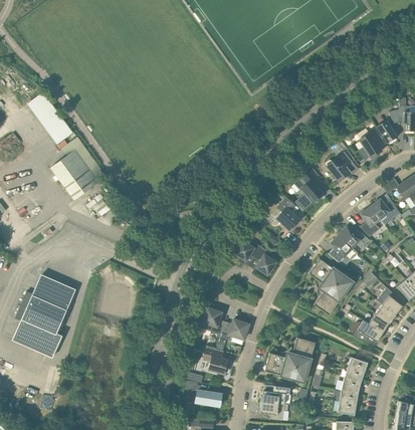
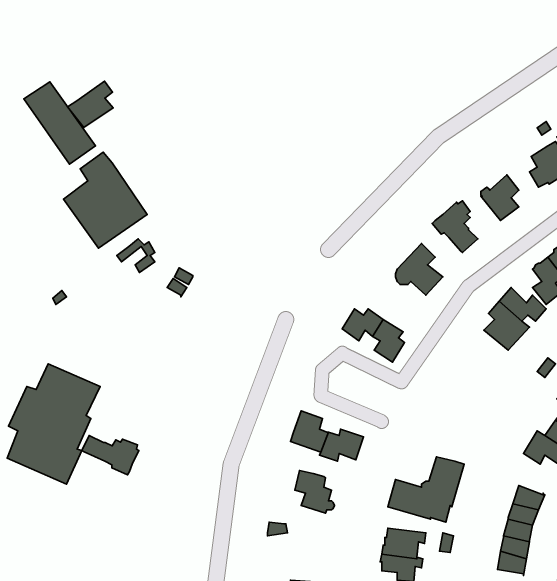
building: none -> [68,81,113,127]
building: [308,258,352,312] -> none
building: none -> [82,435,139,475]
building: [189,390,222,407] -> none

